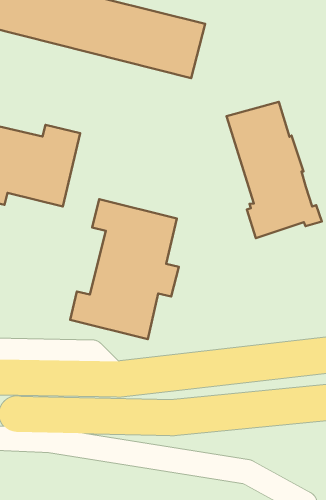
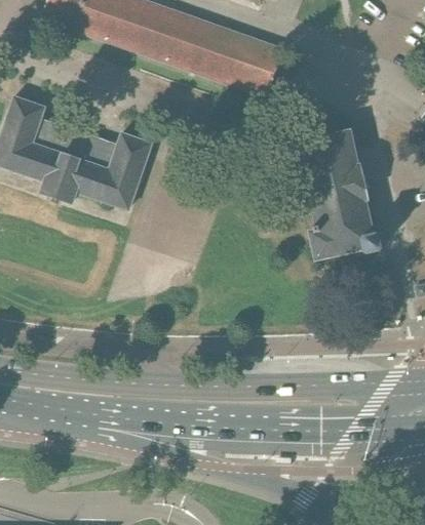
building: [70,199,179,339] -> none

